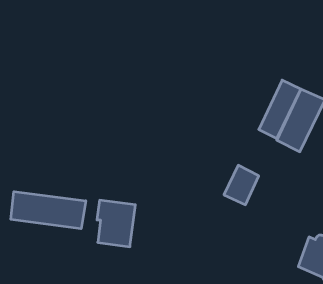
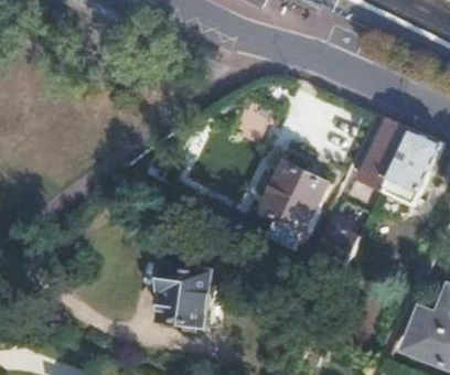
building: none -> [259,162,326,247]
building: [11,192,86,229] -> none

